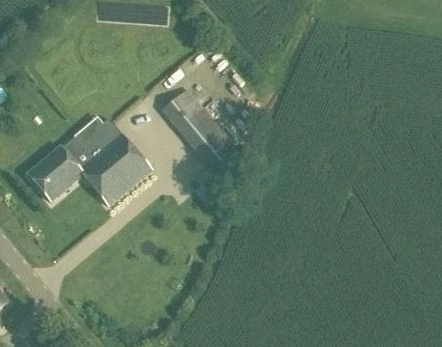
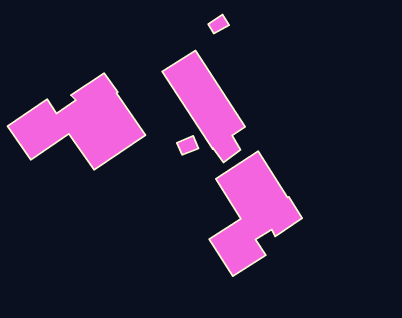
building: none -> [209,151,302,276]

